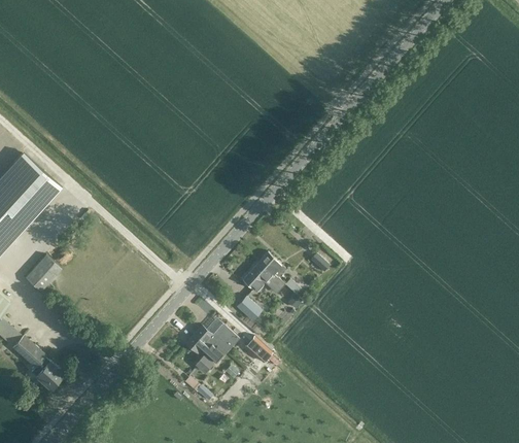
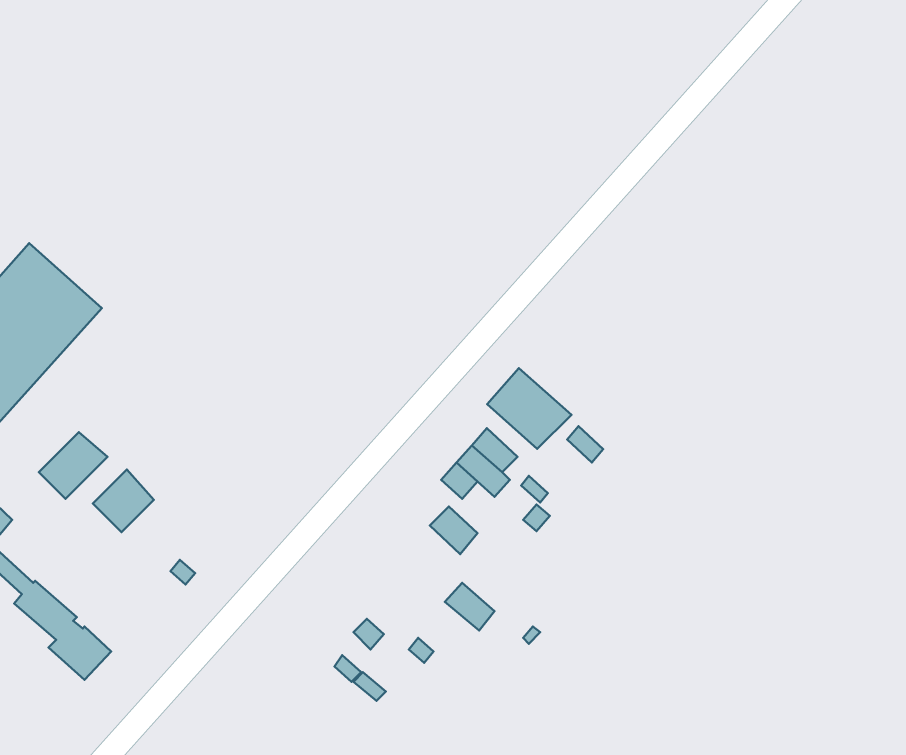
building: none -> [487,368,571,449]
building: none -> [93,470,154,532]
building: [185,325,238,366] -> none

